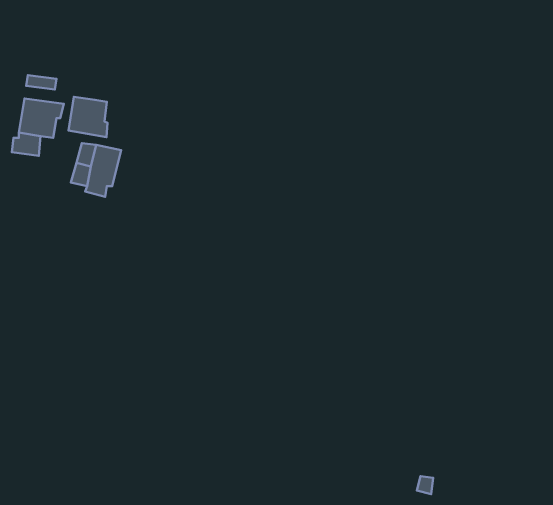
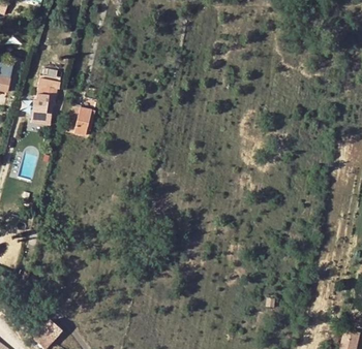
building: [69,97,108,137] -> none

